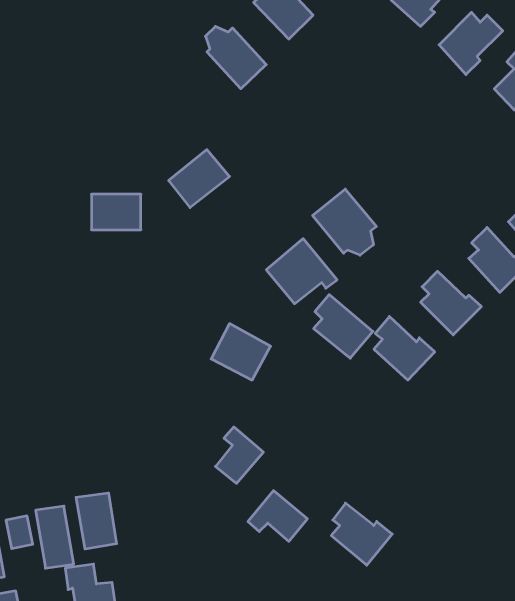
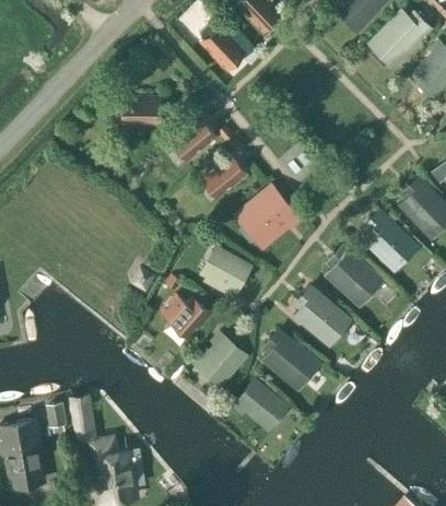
building: [313,189,376,255] -> none
building: [91,194,141,230] -> [121,99,160,127]
building: none -> [200,157,247,202]
building: [314,295,373,358] -> [296,290,342,339]
building: none -> [160,295,211,342]
building: [76,493,117,549] -> none
building: [331,503,392,565] -> [266,334,313,383]

